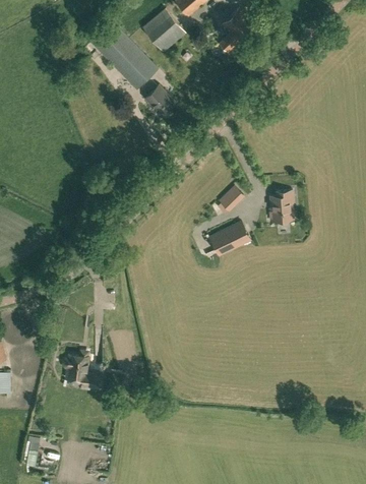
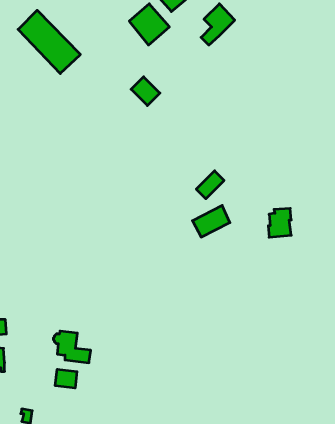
building: [92,22,158,89] -> [18,10,80,74]
building: [269,191,294,222] -> [268,208,291,237]
building: none -> [55,369,77,388]

